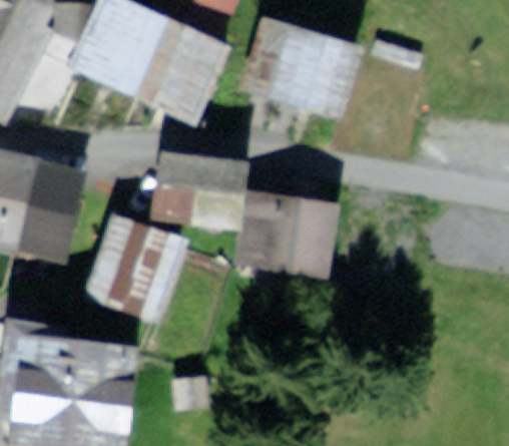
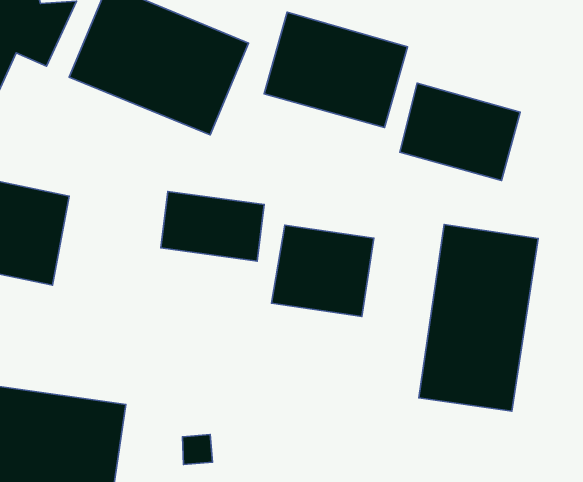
building: none -> [400,83,520,181]
building: none -> [419,225,538,411]
building: [95,219,172,309] -> none

